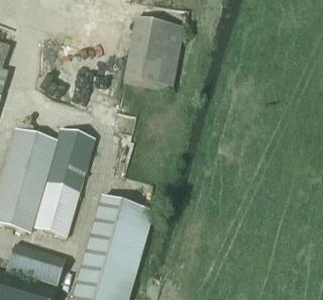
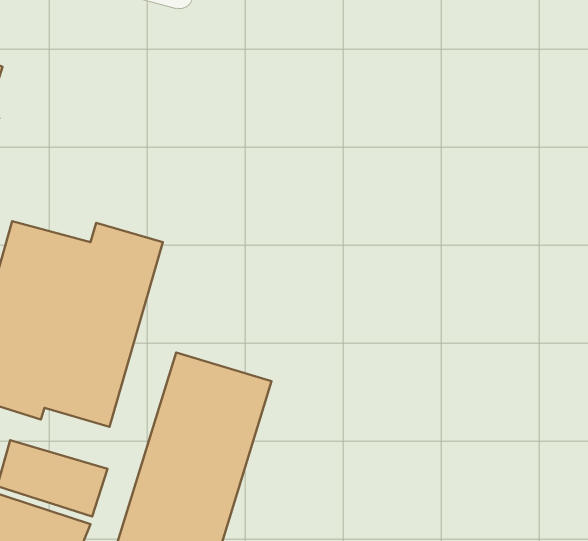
building: [123,16,184,89] -> none

